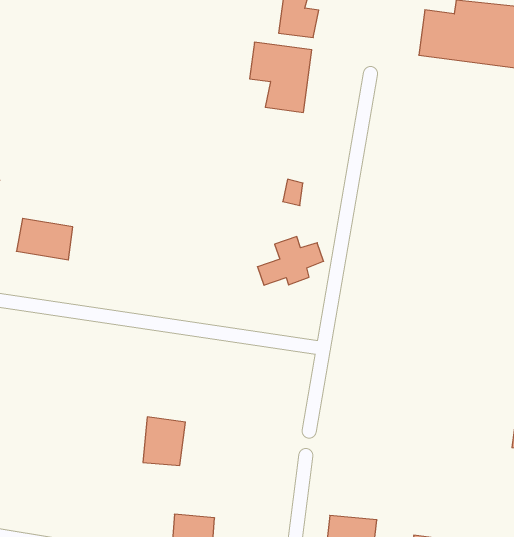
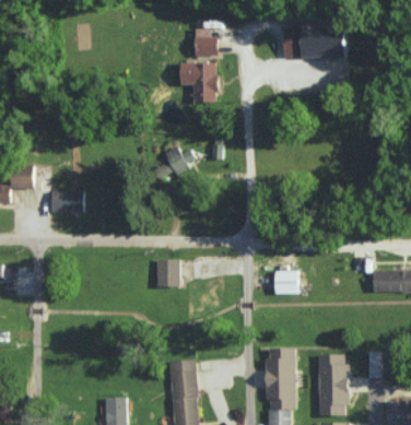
building: [257,237,324,285] -> [155,146,196,179]
building: none -> [275,271,298,293]
building: [143,417,185,465] -> [155,259,179,287]

